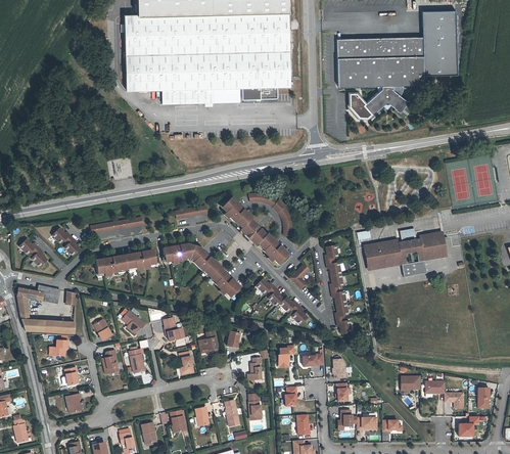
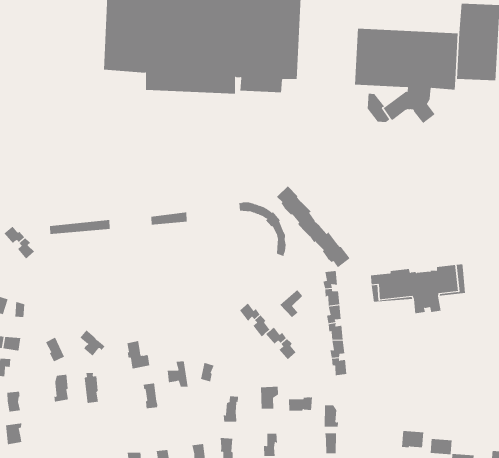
building: [221,197,287,264] -> [276,186,350,268]
building: [163,243,239,297] -> none
building: [95,249,154,274] -> none

